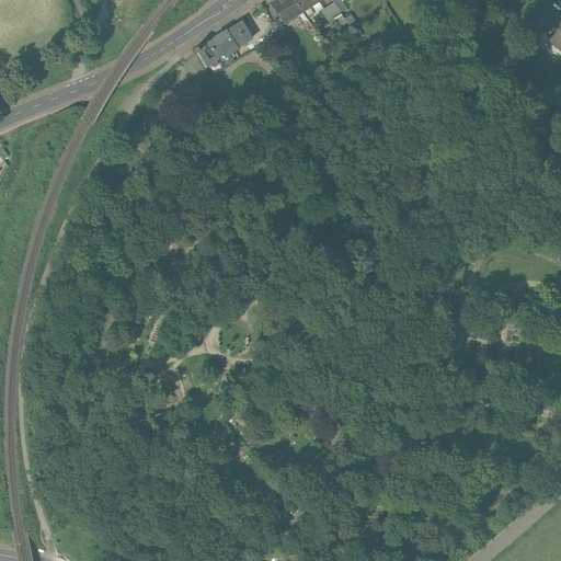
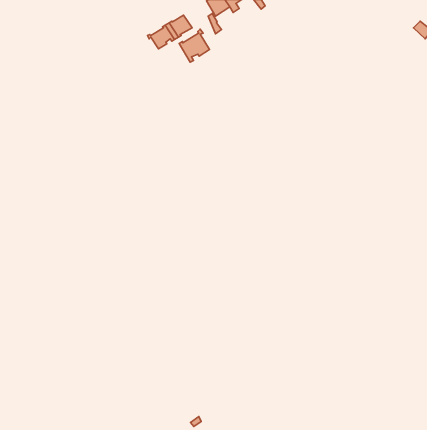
building: none -> [179,29,210,62]

